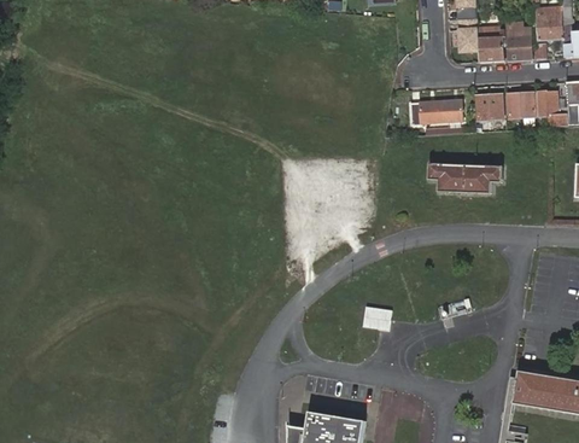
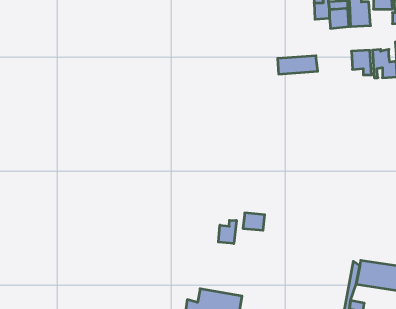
building: [475,94,503,120] -> none
building: [429,162,503,192] -> none
building: none -> [218,220,236,244]

